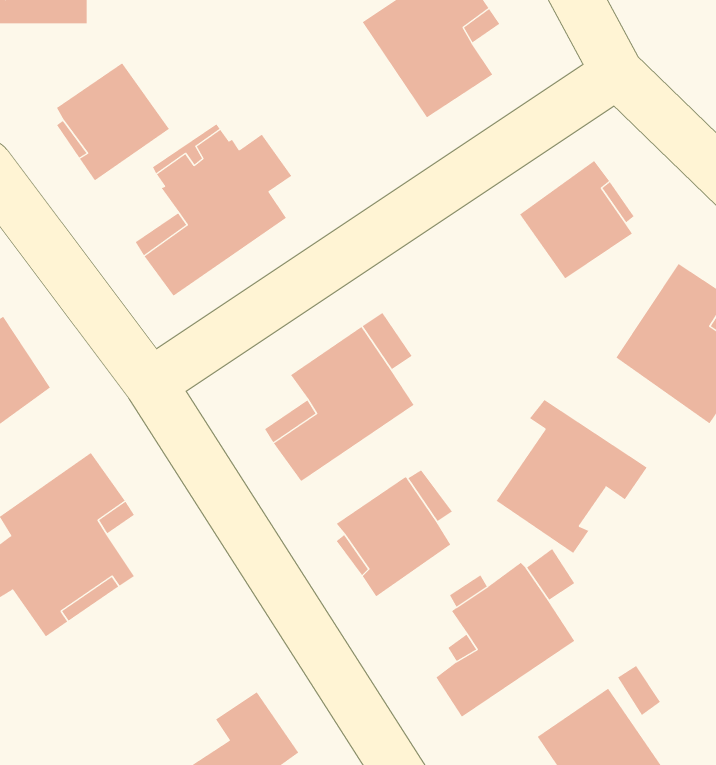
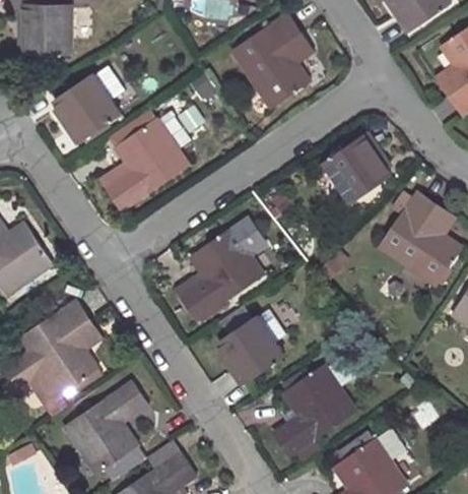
building: [496,399,647,554] -> none
building: none -> [65,383,147,474]

